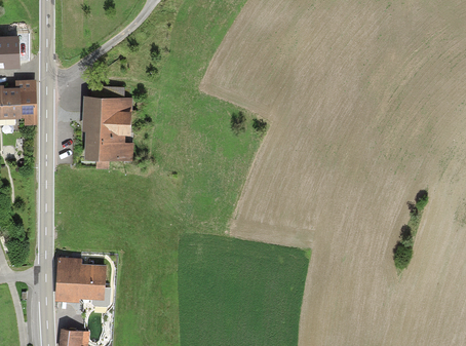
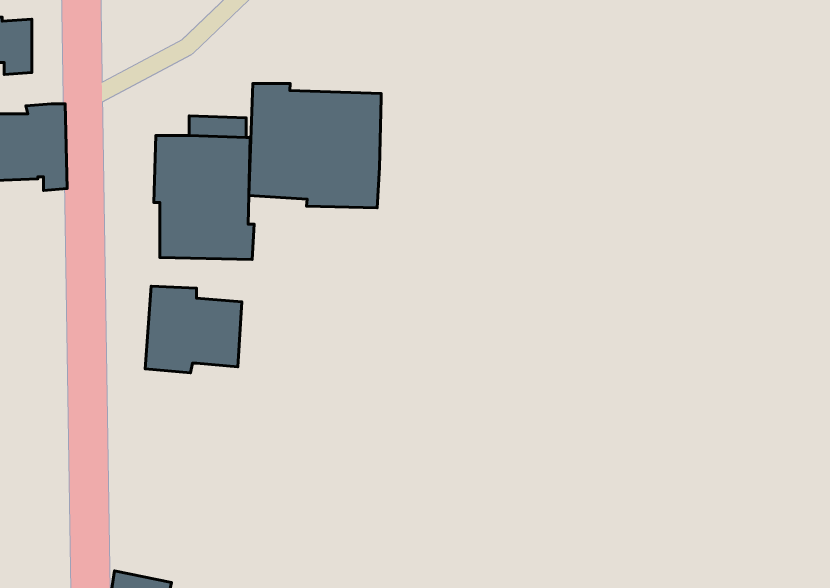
building: none -> [249,83,381,208]
building: [54,255,105,300] -> [145,286,242,373]

